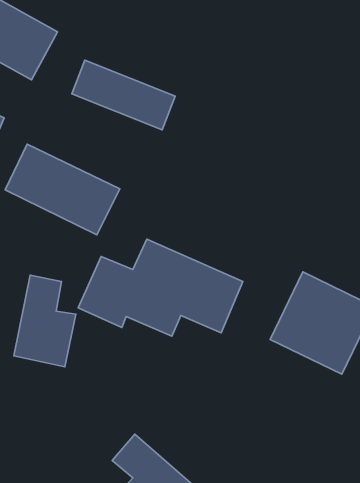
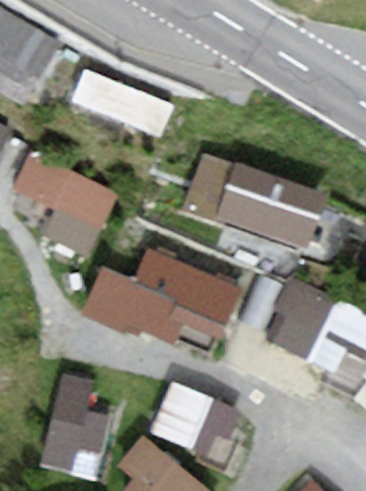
building: none -> [180,148,329,250]
building: [14,275,76,367] -> [44,392,106,483]
building: none -> [153,390,248,460]

